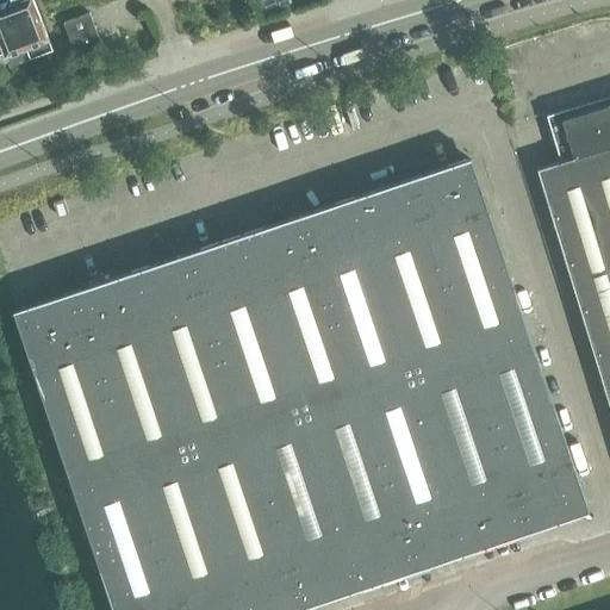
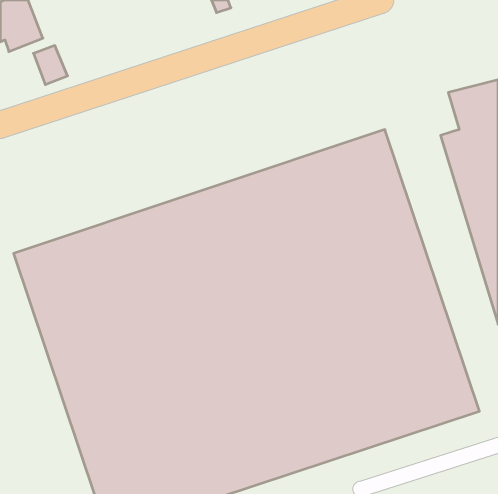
building: [64,17,106,64] -> [33,46,68,85]

